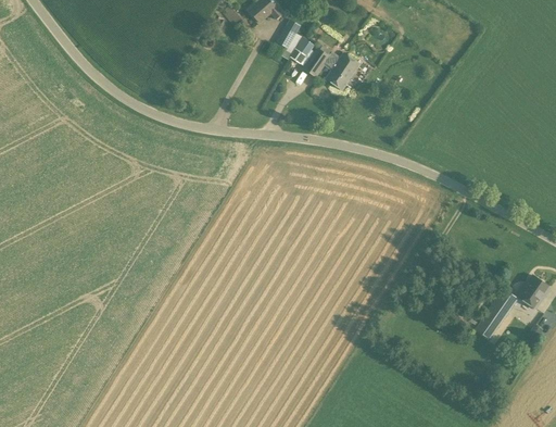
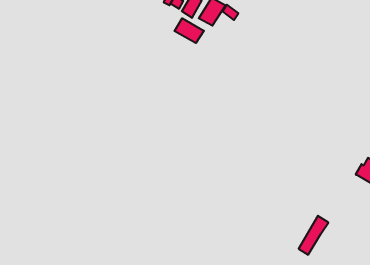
building: none -> [174,18,204,43]
building: [480,291,521,341] -> [299,216,328,255]

